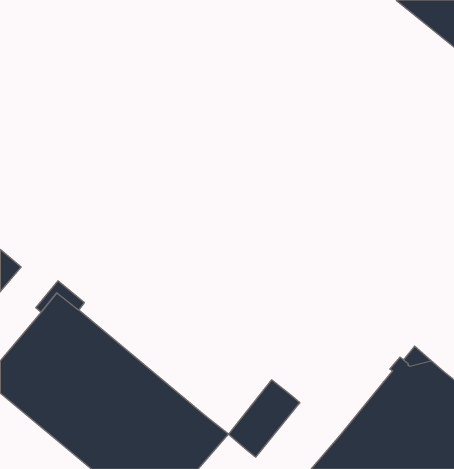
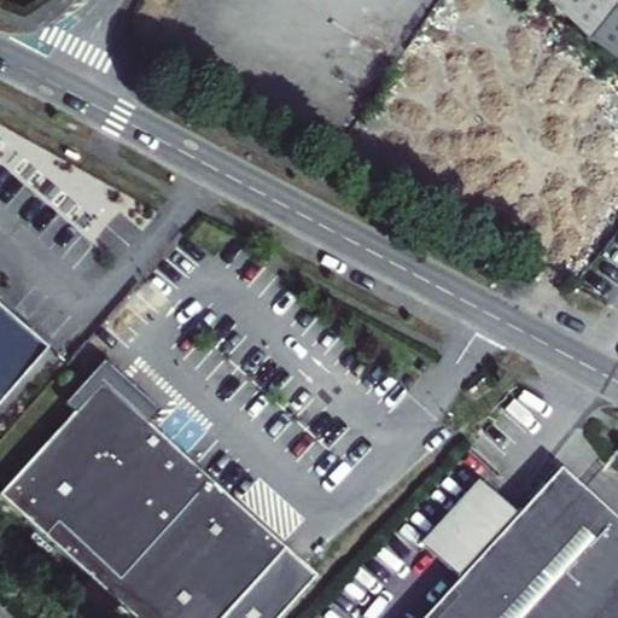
building: [228,380,300,457] -> [430,472,524,573]

